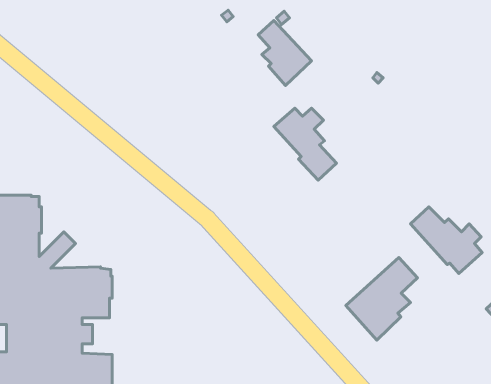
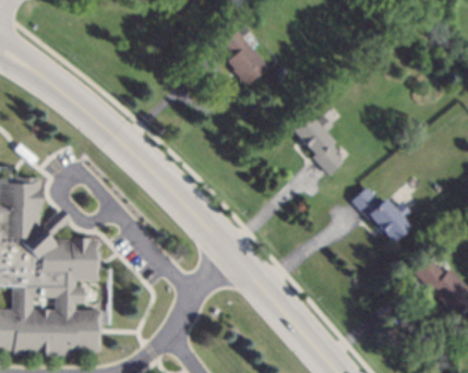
building: [274,108,336,180] -> [291,116,344,176]
building: [346,258,418,340] -> none

